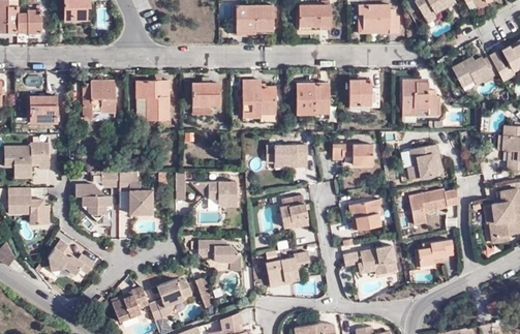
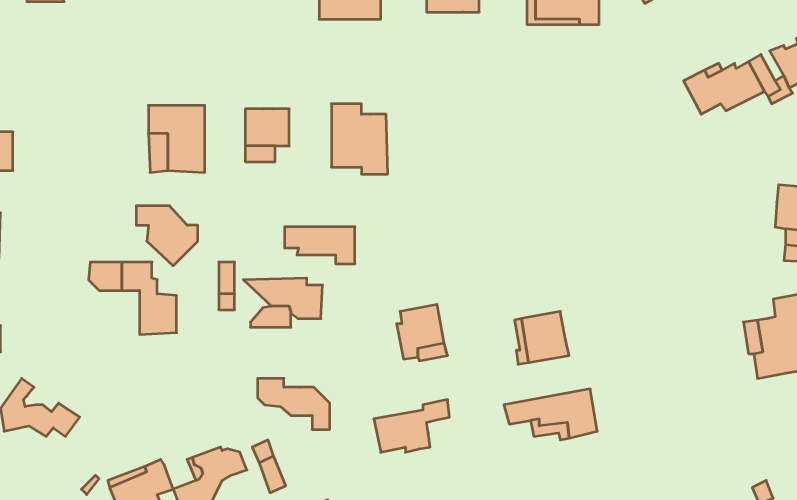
building: [348,80,377,108] -> none
building: [401,80,439,116] -> none
building: [82,81,113,117] -> none
building: [295,83,327,113] -> none
building: [400,146,445,182] -> none
building: [333,147,374,166] -> none
building: [267,148,308,170] -> [285,227,355,264]
building: [74,186,111,221] -> [136,206,198,266]
building: [409,191,459,226] -> none
building: [419,242,455,268] -> none

